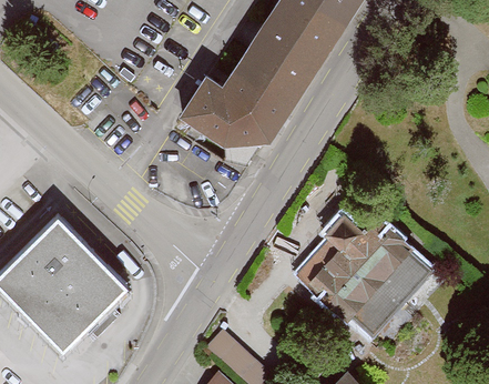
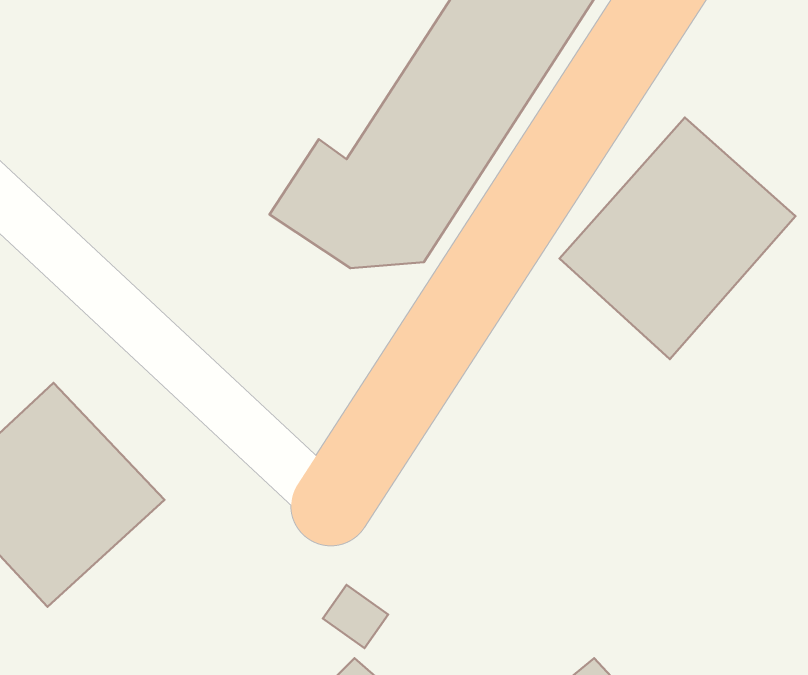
building: none -> [559,118,795,359]
building: [305,211,445,340] -> none

